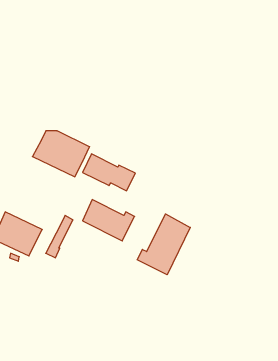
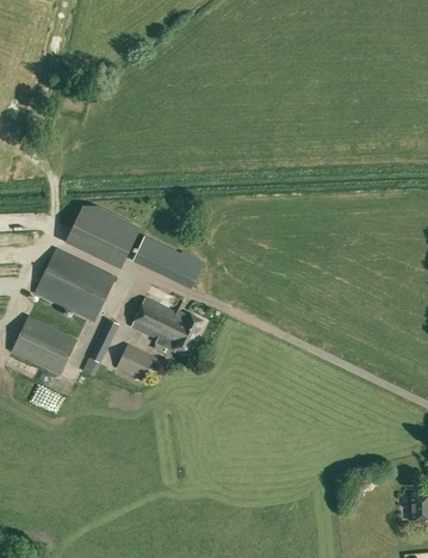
building: none -> [35,248,117,323]
building: [137,214,190,275] -> none
building: none -> [117,345,160,382]

